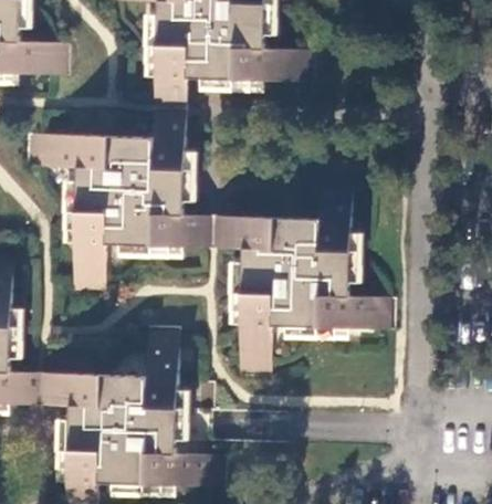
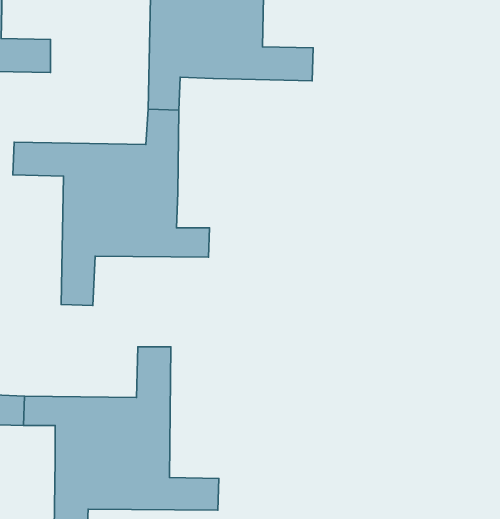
building: [212,172,395,372] -> none

